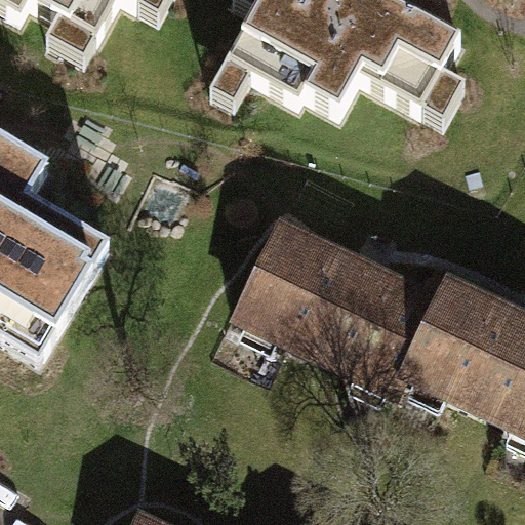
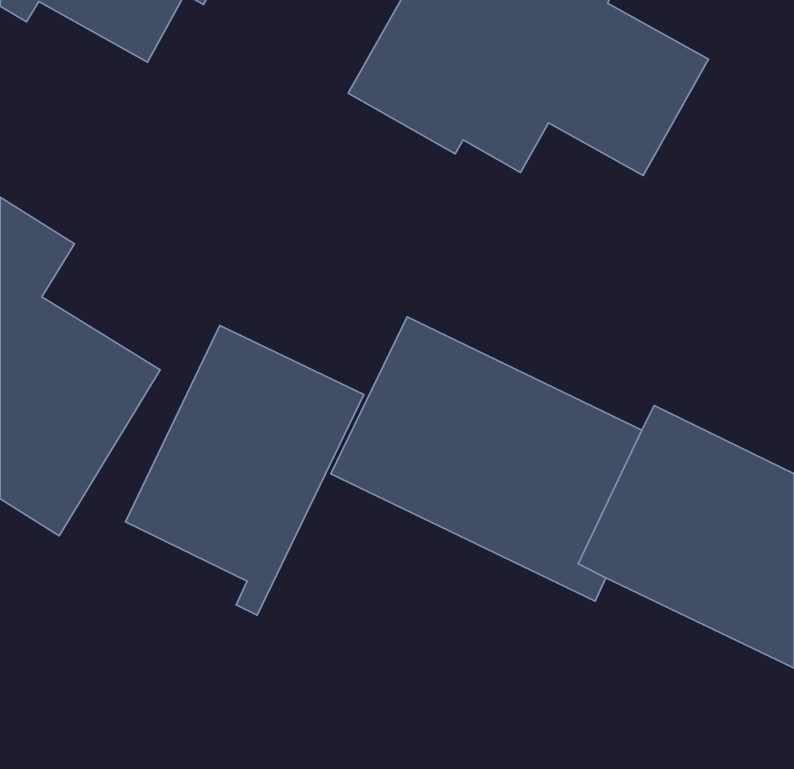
building: none -> [125,326,364,615]

